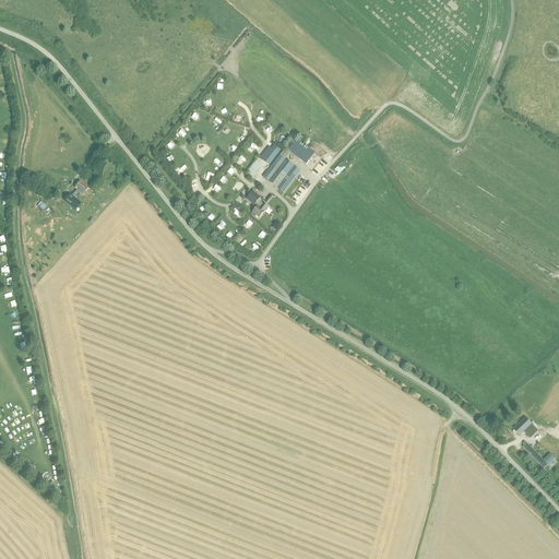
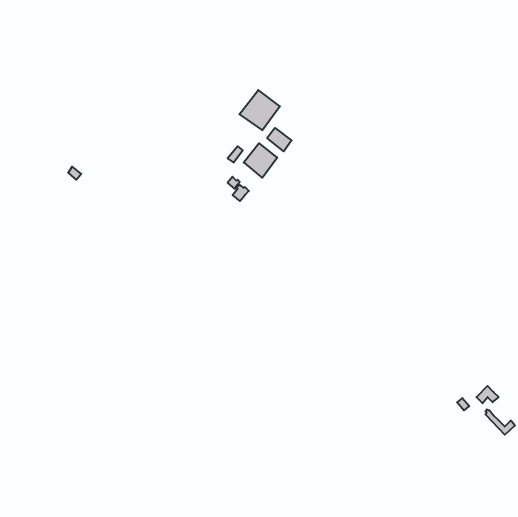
building: none -> [239,90,280,130]

